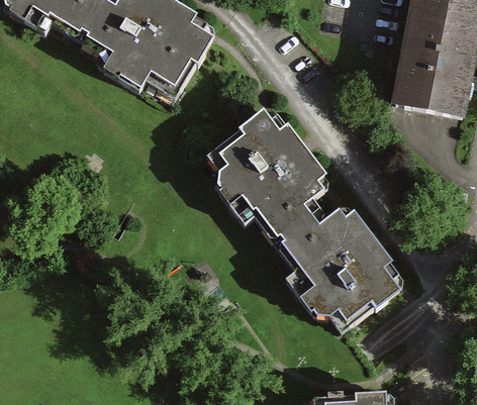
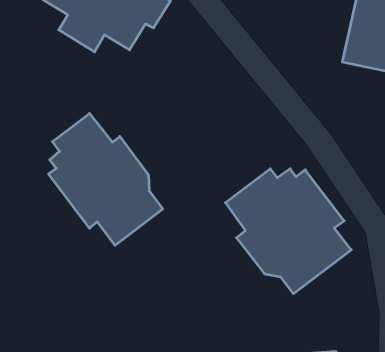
building: [203,108,326,242] -> none
building: none -> [49,113,163,245]

